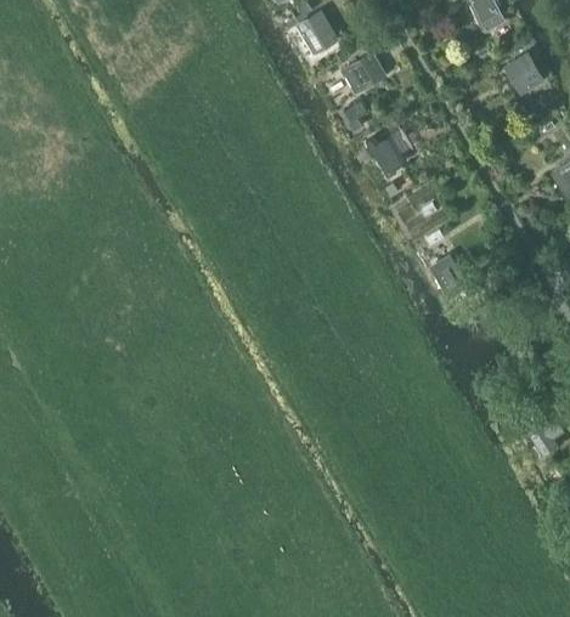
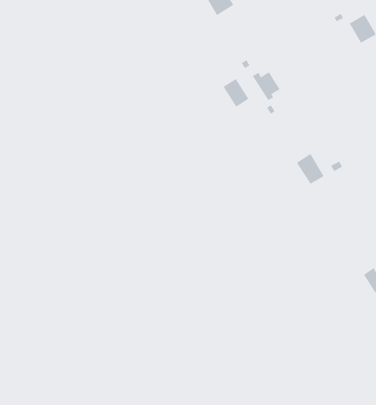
building: [339,50,388,95] -> none
building: none -> [223,78,249,108]

